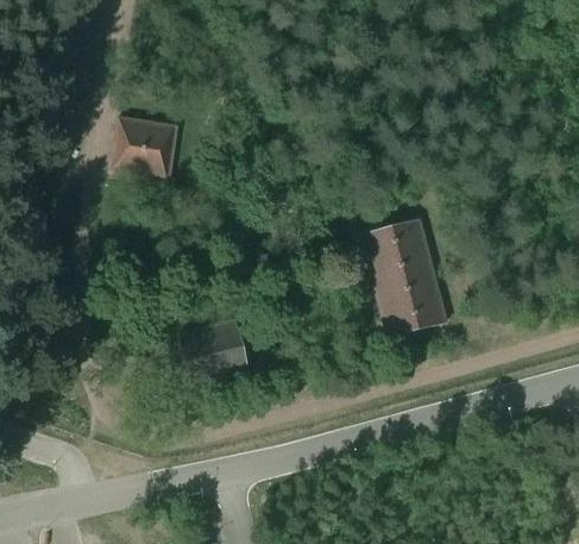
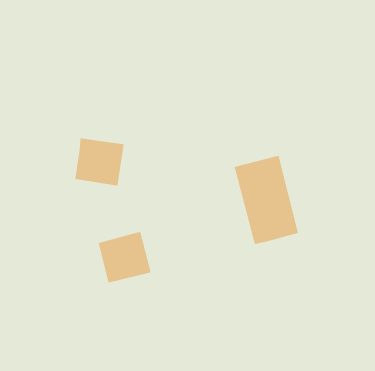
building: [111,118,177,182] -> [74,138,124,186]

